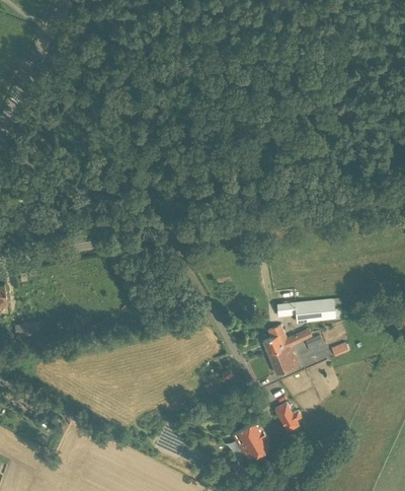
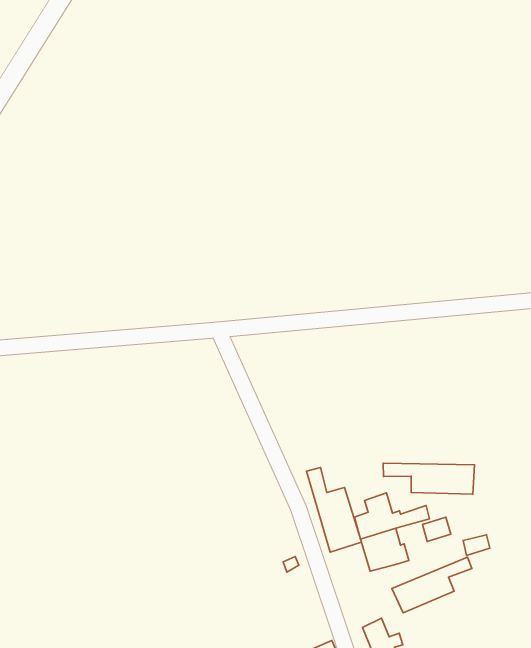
building: none -> [306,467,361,552]
building: none -> [392,557,472,613]

